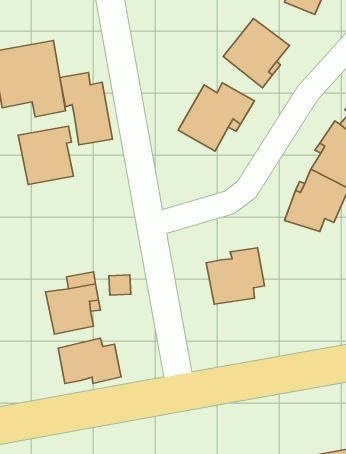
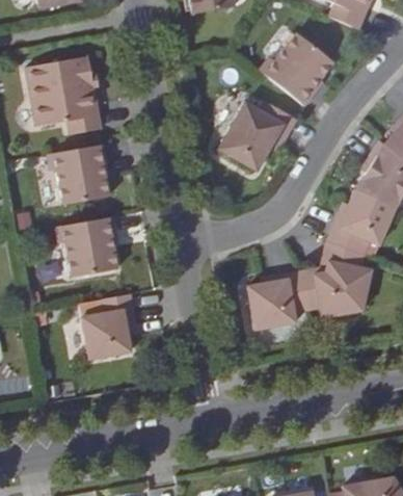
building: [60,73,112,145] -> none
building: none -> [62,215,118,277]
building: none -> [301,241,371,317]
building: [58,338,121,384] -> none

